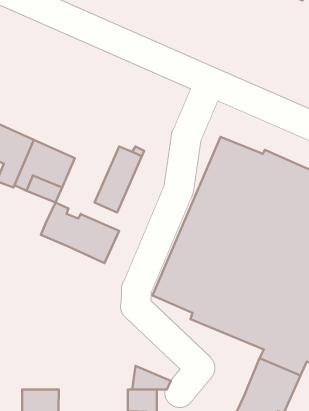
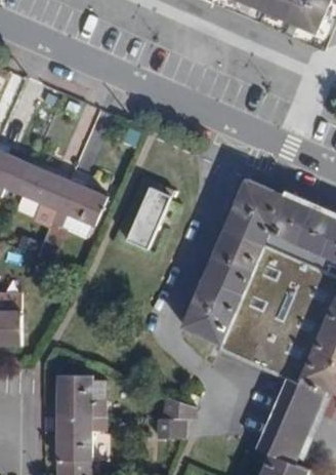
building: [41,203,119,263] -> none
building: none -> [56,372,91,415]

